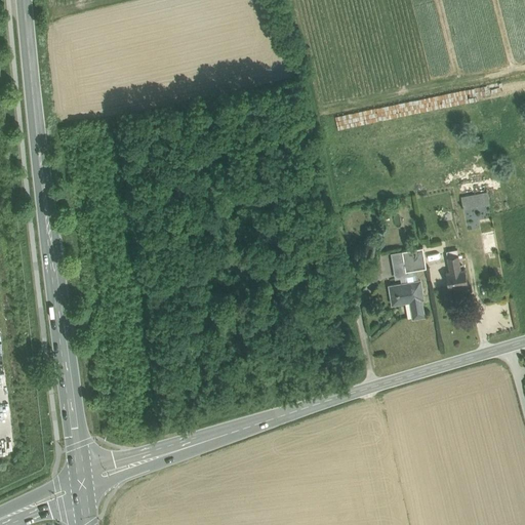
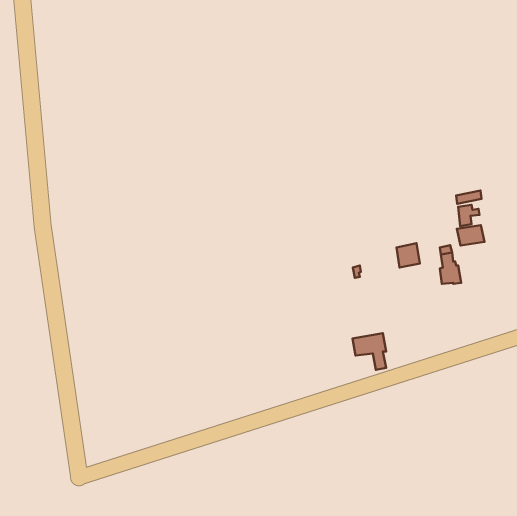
building: none -> [457,225,485,246]
building: [389,282,422,319] -> [353,333,386,370]

